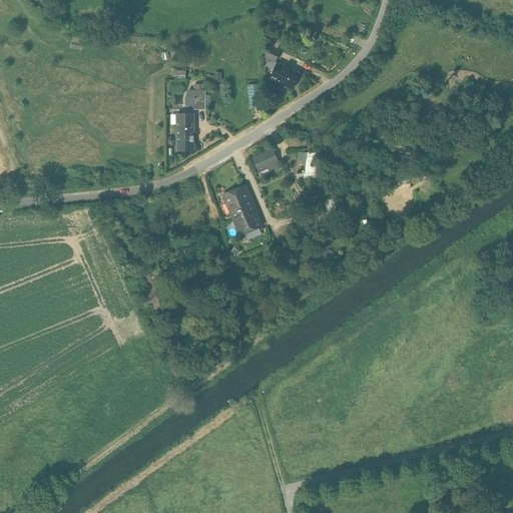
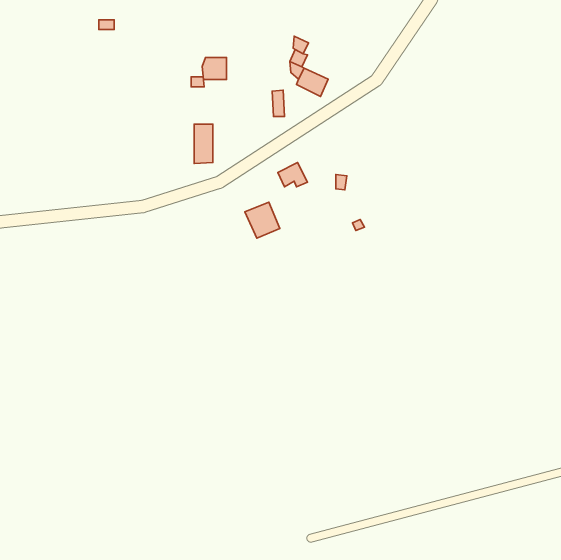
building: [184,89,206,109] -> [202,58,226,80]
building: [234,208,263,233] -> none

